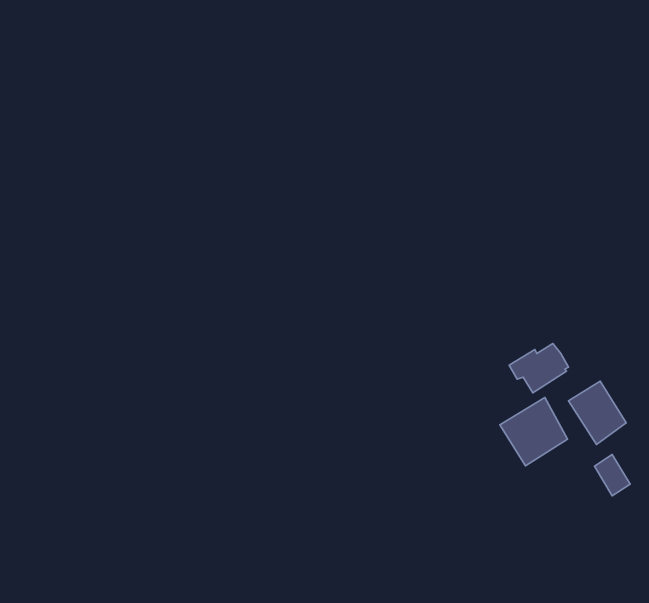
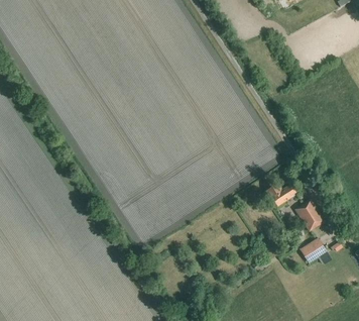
building: [500,397,567,466] -> none

